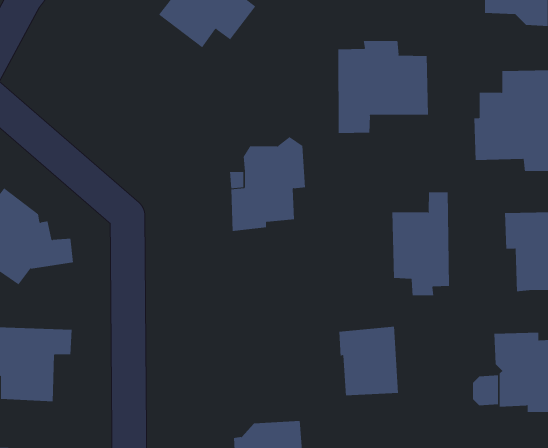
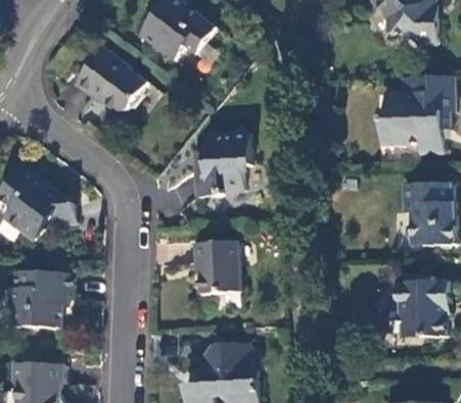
building: none -> [77,46,146,108]
building: [338,40,428,134] -> none
building: [392,191,450,296] -> none
building: [338,326,399,396] -> [194,240,240,293]

